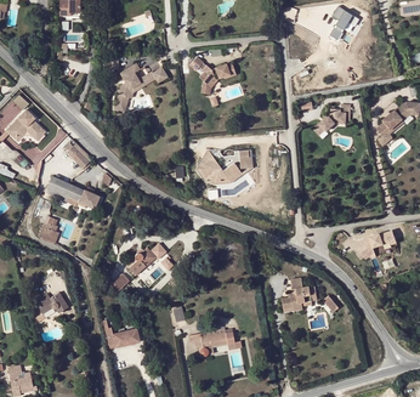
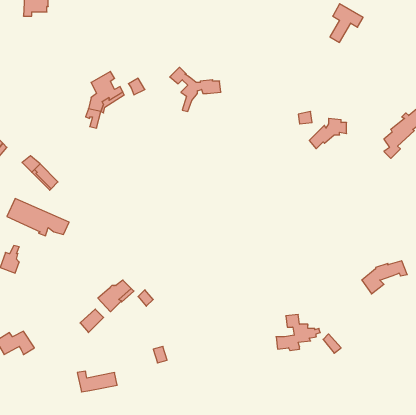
building: [197,149,252,185] -> none
building: [189,330,235,356] -> none

